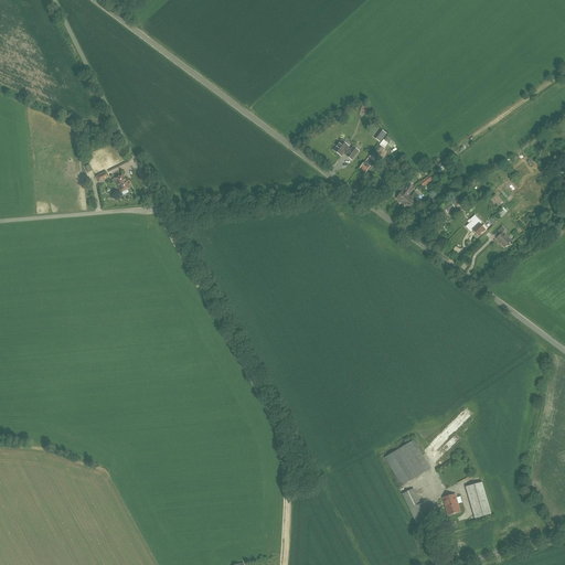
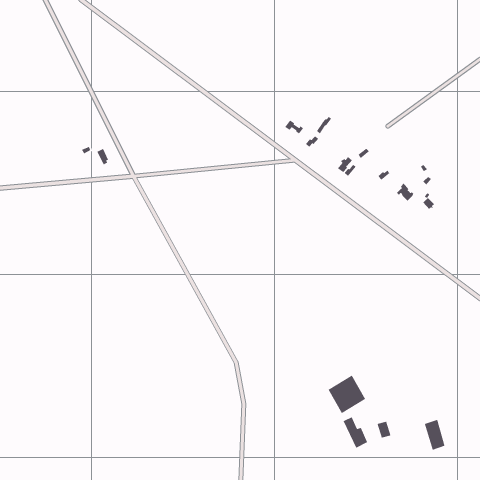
building: [465,480,490,518] -> [424,419,445,451]

